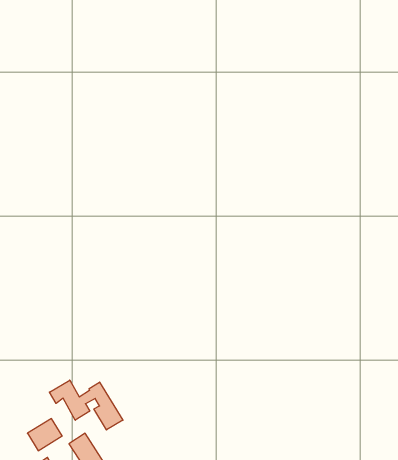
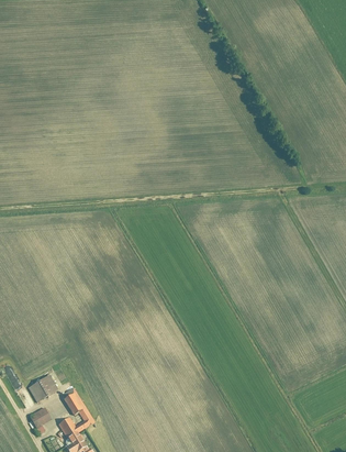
building: [49,380,123,430] -> none

